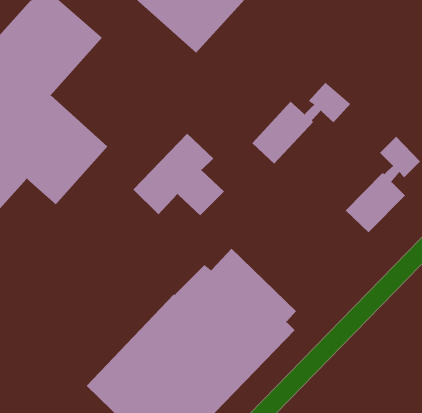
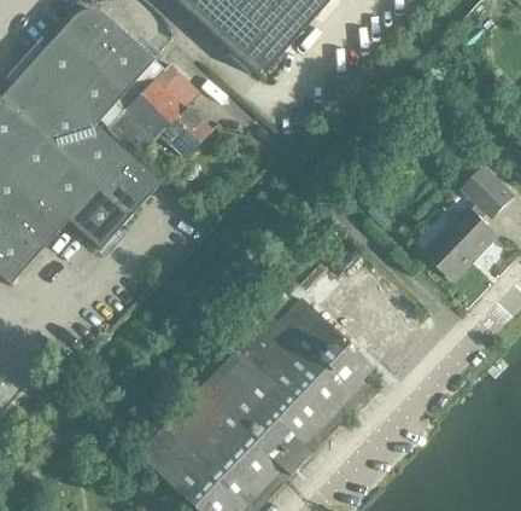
building: [252,82,351,165] -> none
building: [133,133,225,216] -> [107,62,211,156]

